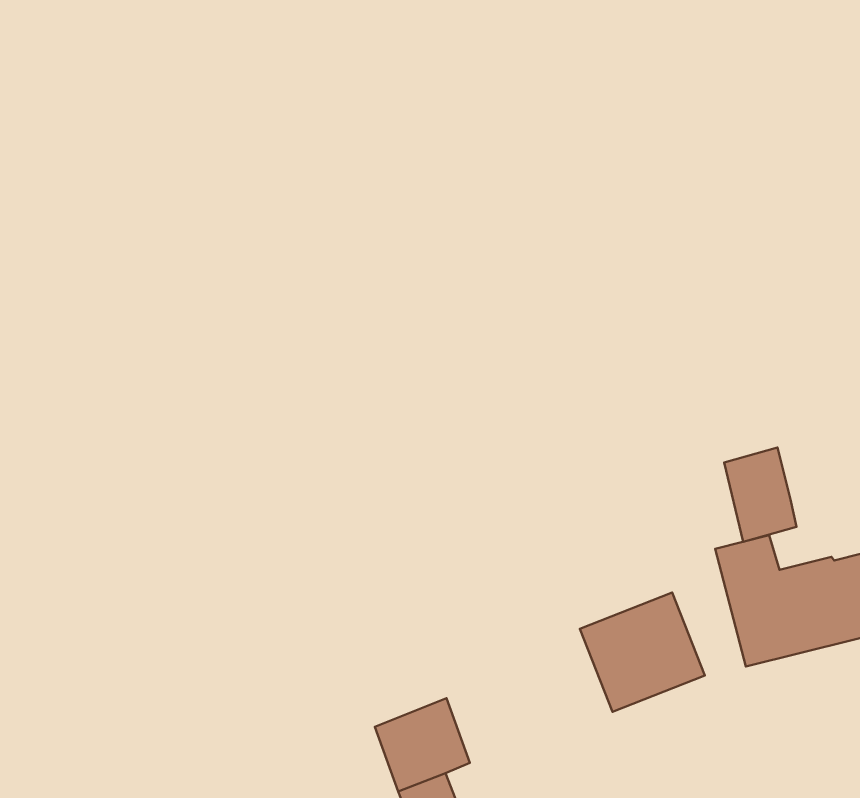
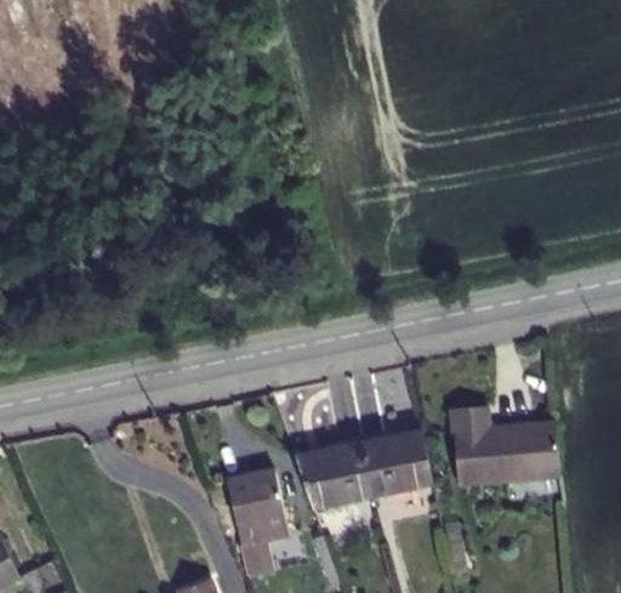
building: [724,447,797,542] -> none
building: none -> [300,443,377,508]

